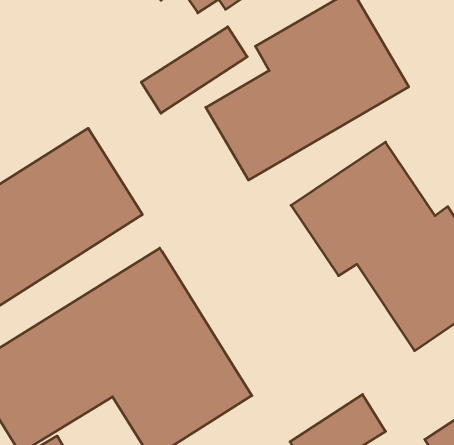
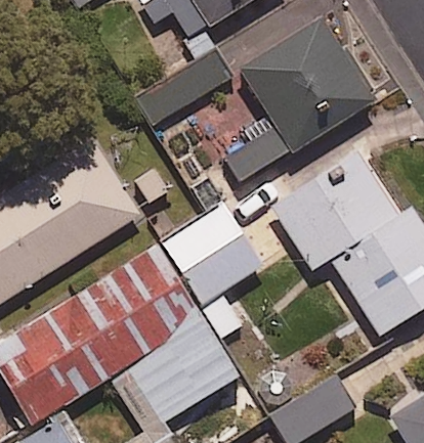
building: none -> [157,204,268,343]

